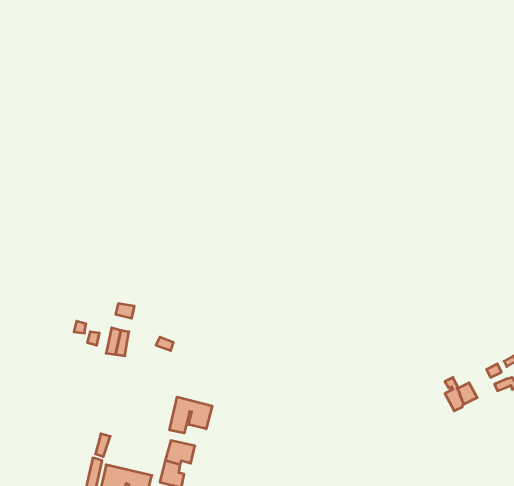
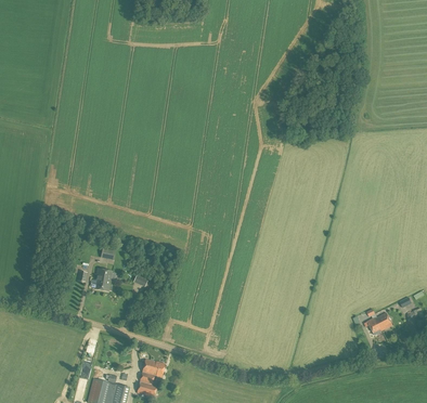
building: [170,397,212,433] -> none

